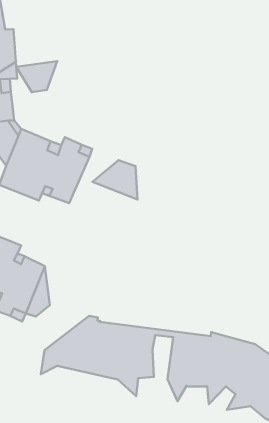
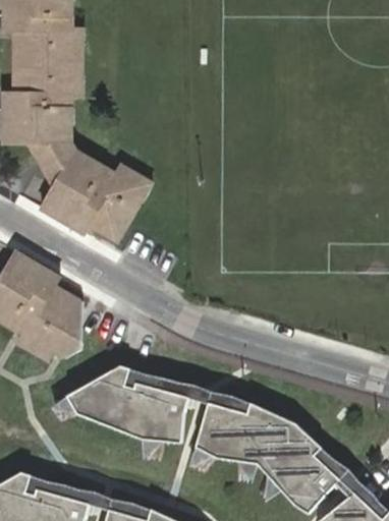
building: [16,61,57,92] -> none
building: [93,160,138,199] -> none

